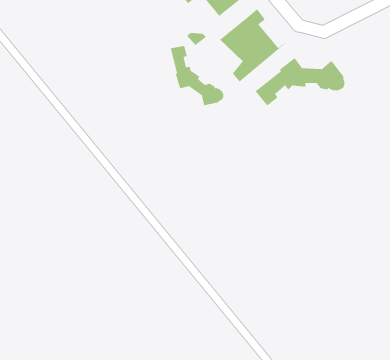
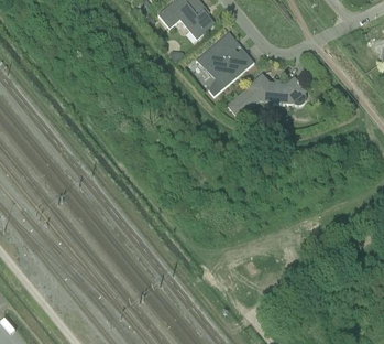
building: [170,45,224,106] -> none

